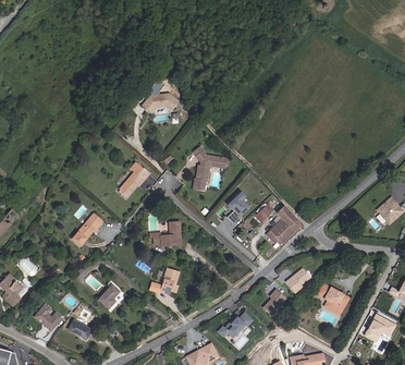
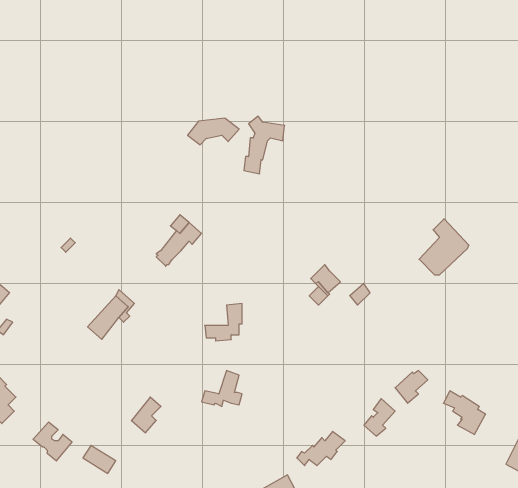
building: [192,150,220,191] -> [244,116,285,174]
building: [267,206,302,245] -> [419,219,469,275]

